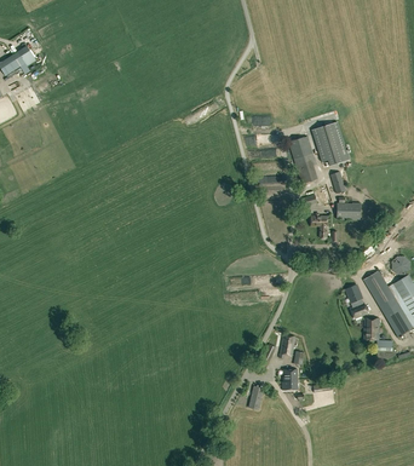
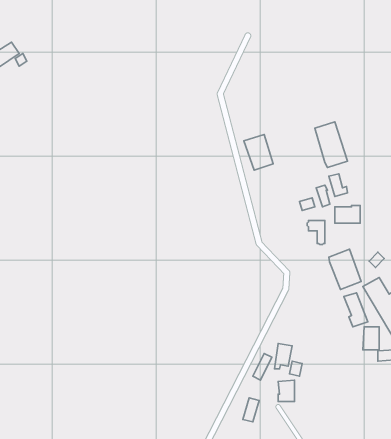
building: [287,137,315,171] -> [244,135,273,170]
building: none -> [329,249,361,289]

